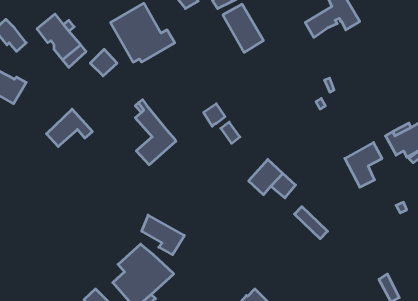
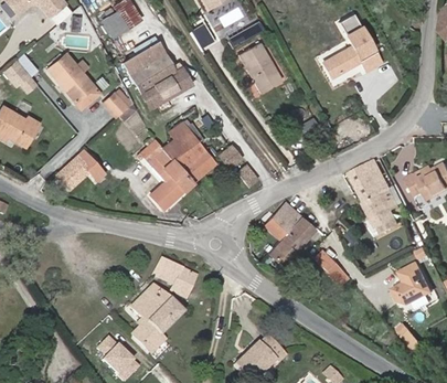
building: none -> [162,121,215,183]
building: none -> [350,159,395,201]
building: none -> [268,230,304,264]
building: none -> [396,262,435,302]

